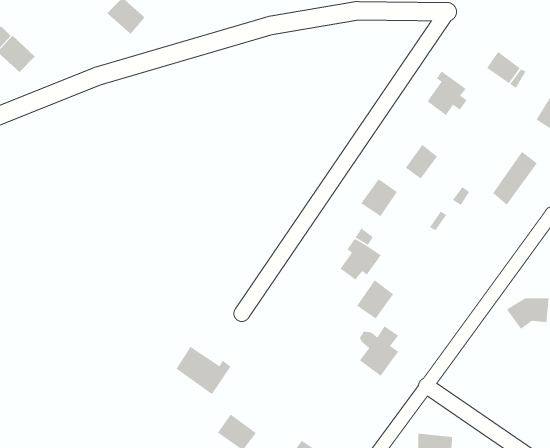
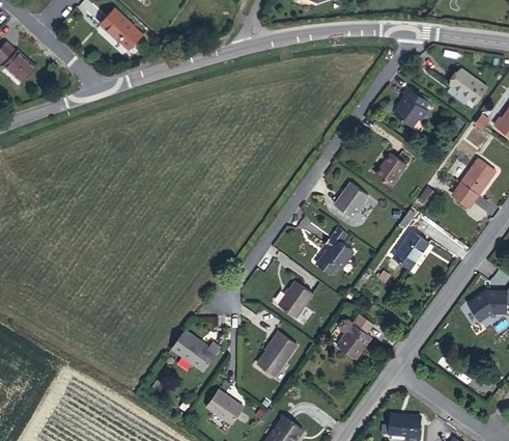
building: none -> [390,230,423,267]
building: [356,279,394,319] -> [277,283,311,320]
building: none -> [256,334,294,378]

